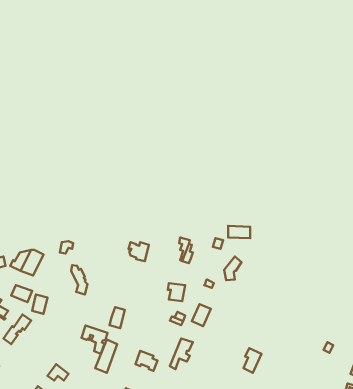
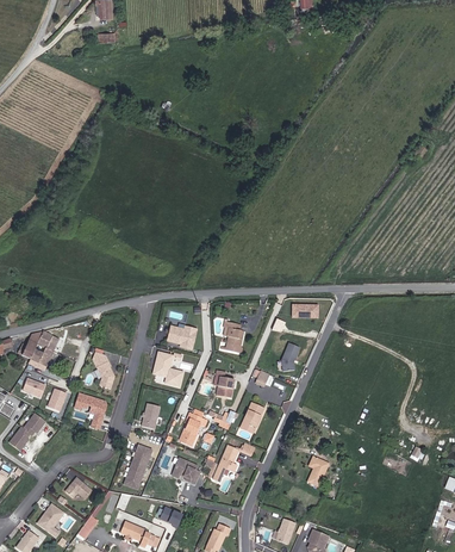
building: none -> [152,352,182,385]
building: none -> [181,411,211,446]
building: [82,325,107,354] -> [74,393,106,429]

